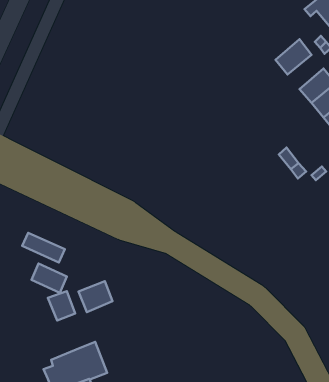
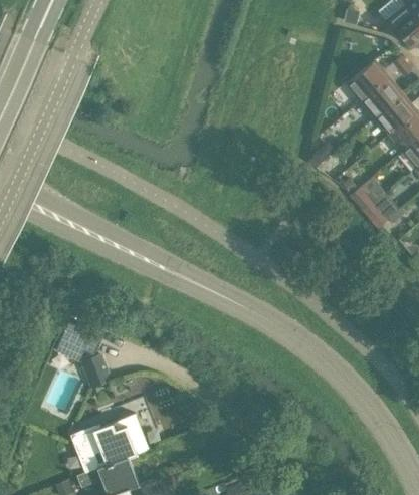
building: none -> [360,77,402,117]
building: [22,233,65,262] -> none
building: [79,281,112,312] -> none

